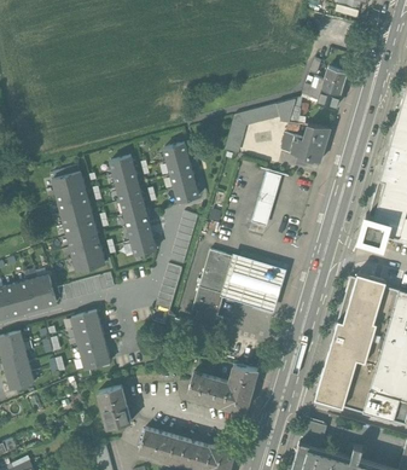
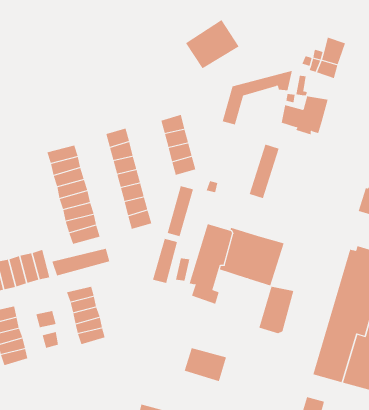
building: none -> [185,19,239,69]
building: [222,365,257,412] -> [259,286,294,334]
building: [98,385,130,428] -> none

